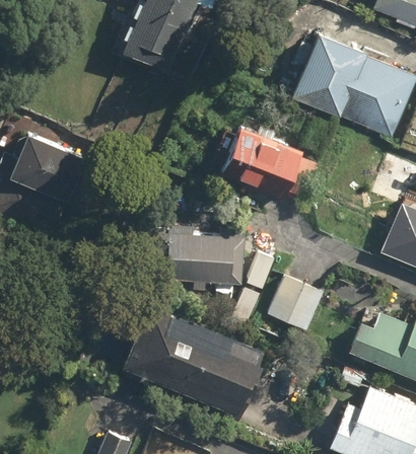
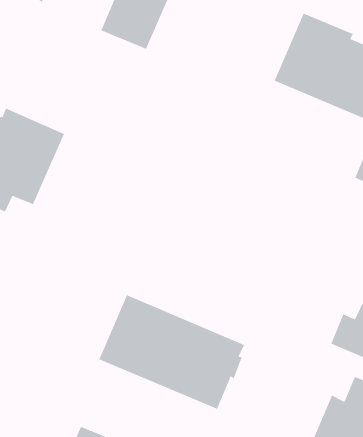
building: [222,121,319,198] -> none
building: [152,224,247,292] -> none
building: [268,277,322,331] -> none

